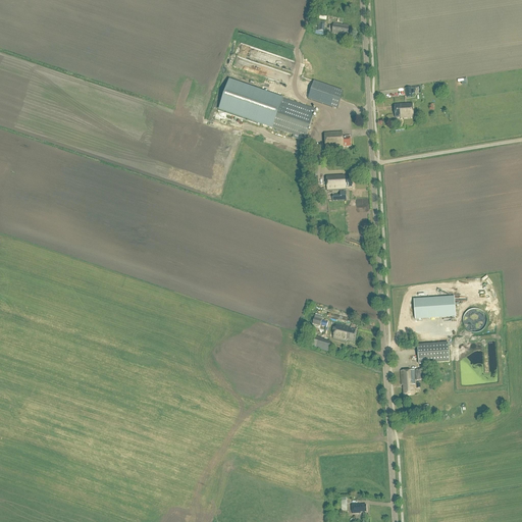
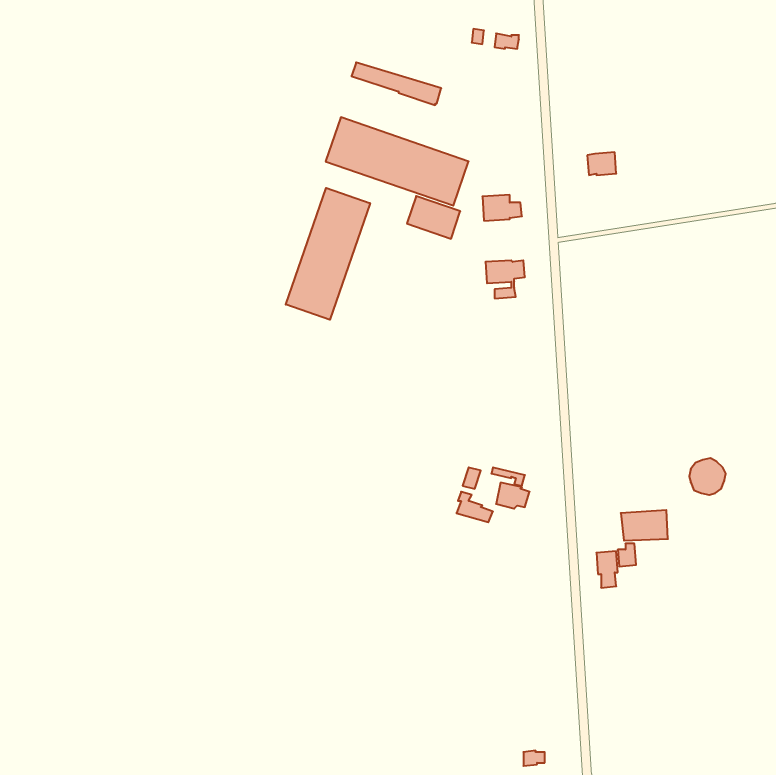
building: [307,80,343,108] -> [407,196,460,239]
building: none -> [286,188,370,320]
building: [414,296,456,318] -> none

